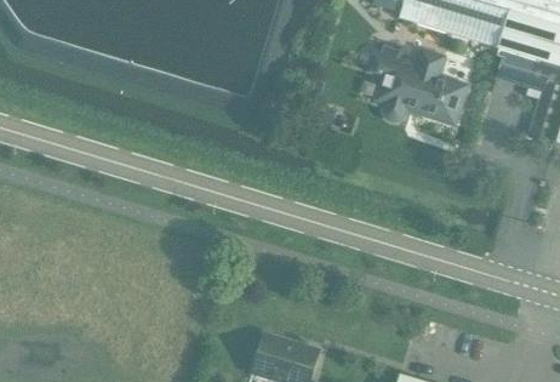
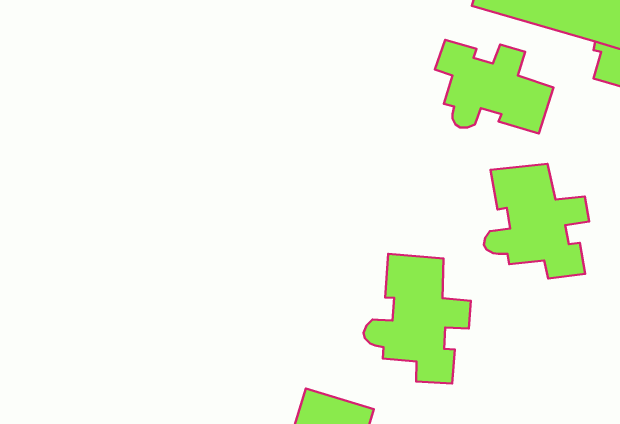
building: none -> [484,164,589,278]
building: none -> [364,254,471,384]

